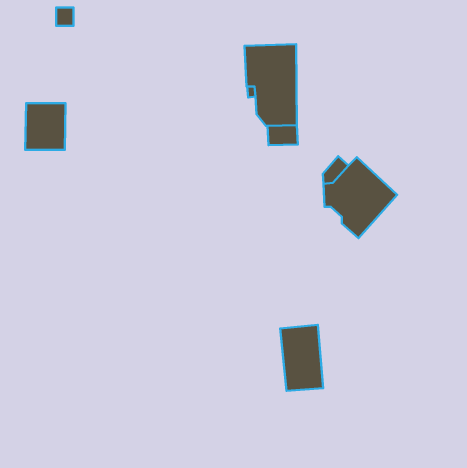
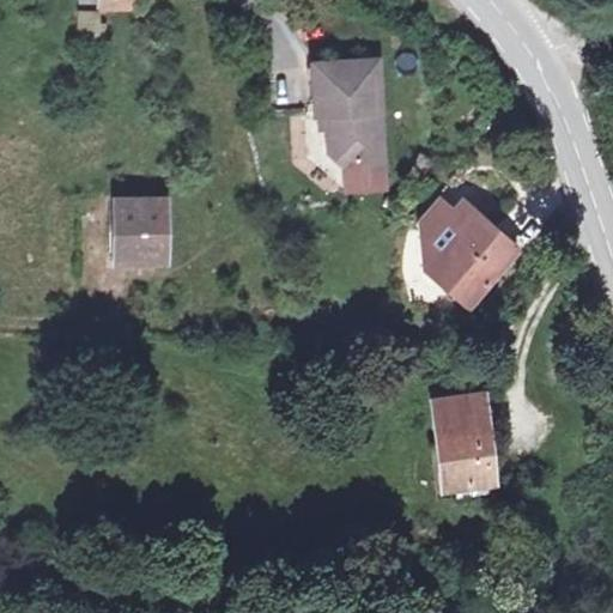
building: [25,103,66,150] -> [110,194,163,255]
building: [280,325,323,391] -> [433,400,490,486]

